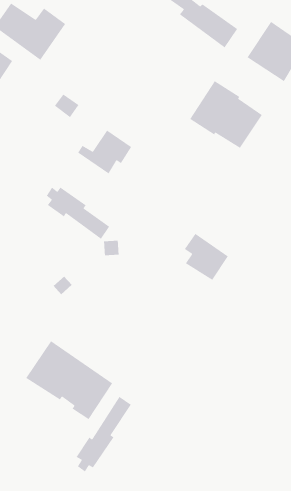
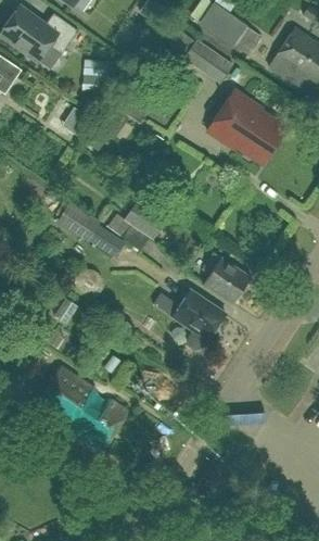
building: none -> [176,34,231,83]
building: [77,129,132,174] -> [105,201,164,249]
building: none -> [153,288,226,348]
building: [75,396,132,473] -> none

